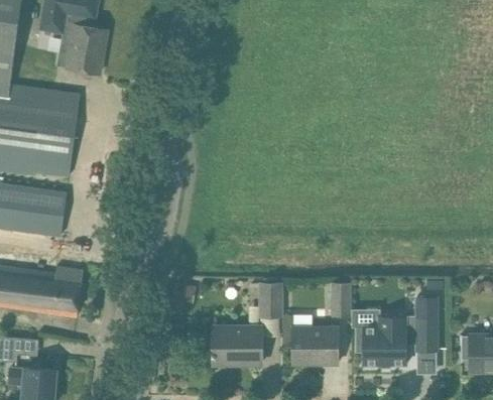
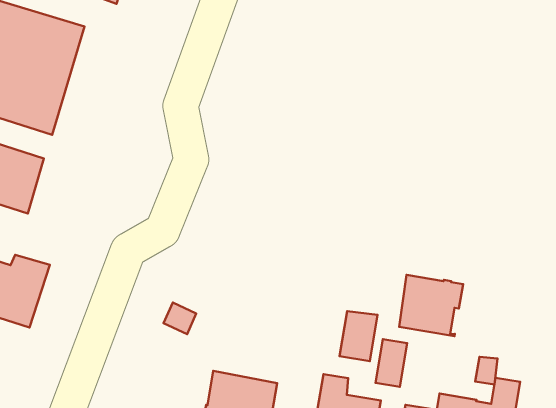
building: none -> [399,275,463,336]
building: [259,283,281,317] -> [340,311,378,361]

